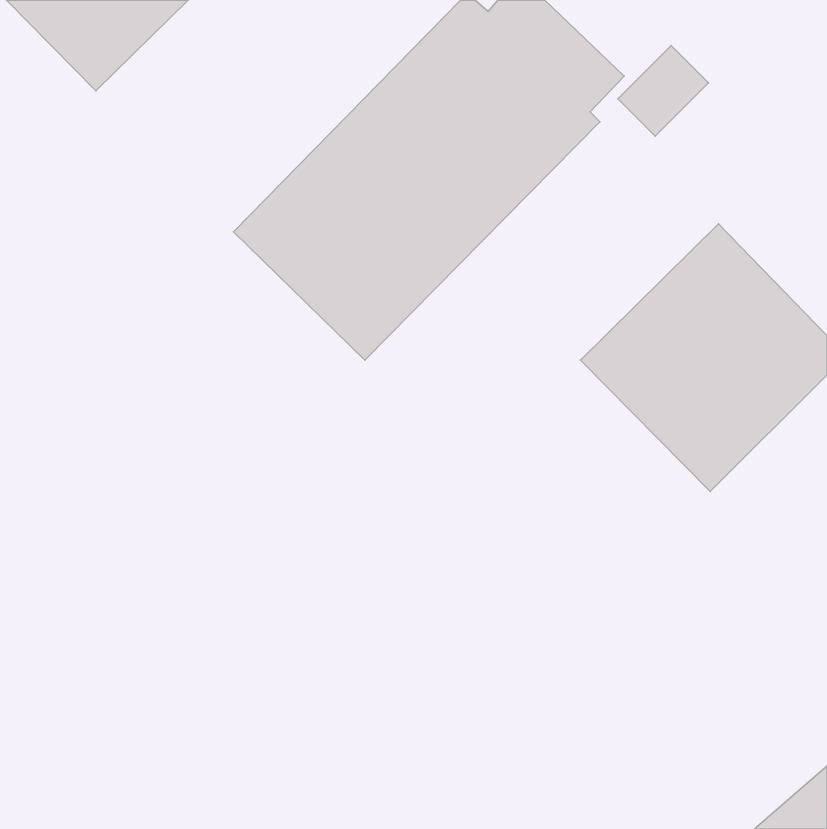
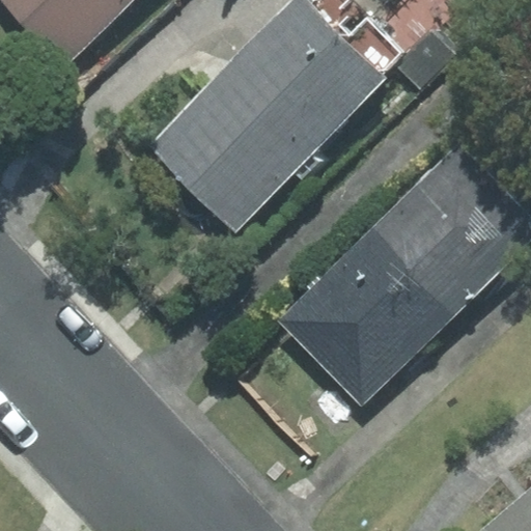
building: none -> [279,230,454,404]

